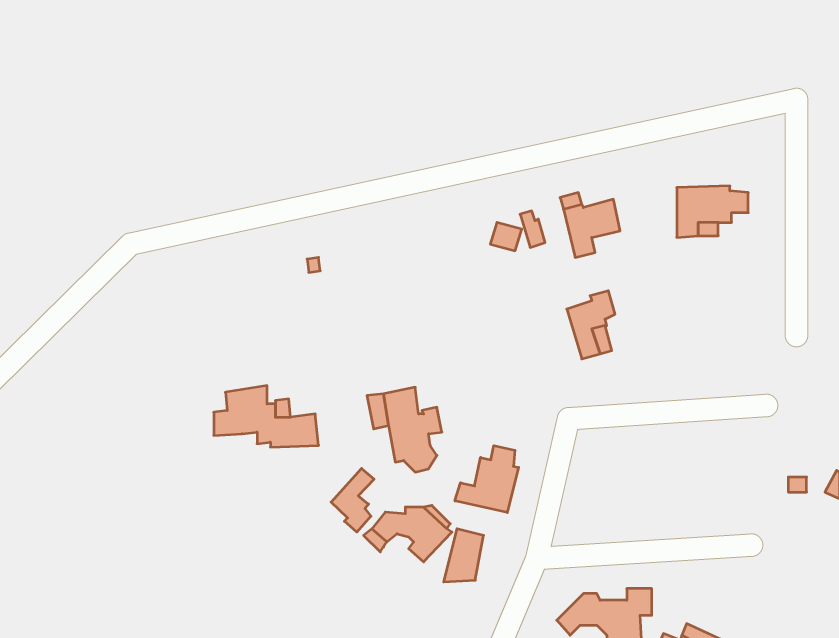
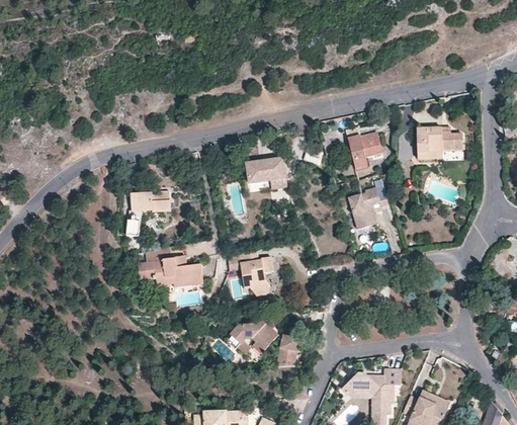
building: none -> [246,158,286,188]
building: none -> [125,192,170,236]
building: [455,446,519,513] -> none
building: [331,468,374,532] -> none

